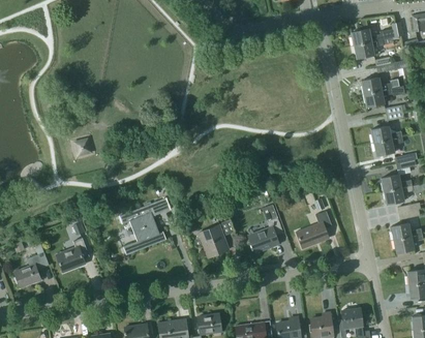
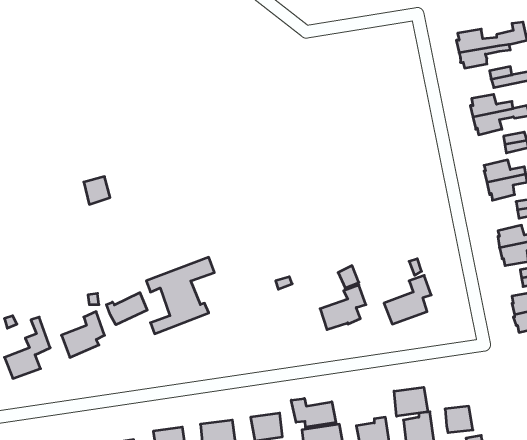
building: none -> [106,293,147,325]
building: [194,224,229,256] -> none
building: none -> [394,387,428,416]
building: none -> [291,398,336,427]

